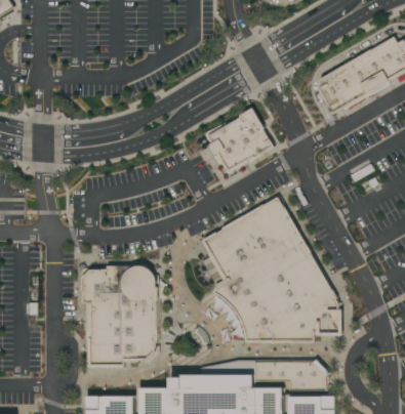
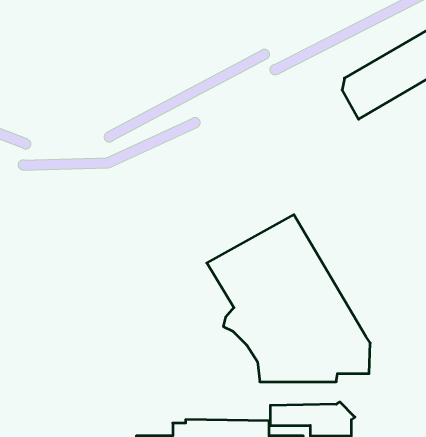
building: [205,106,275,171] -> none
building: [82,264,157,368] -> none

